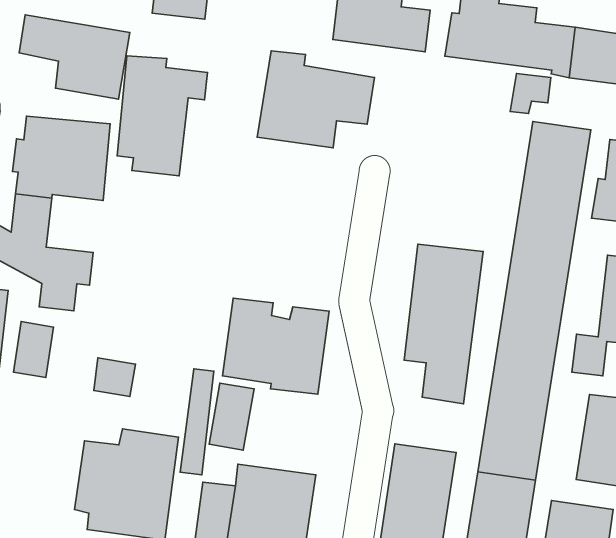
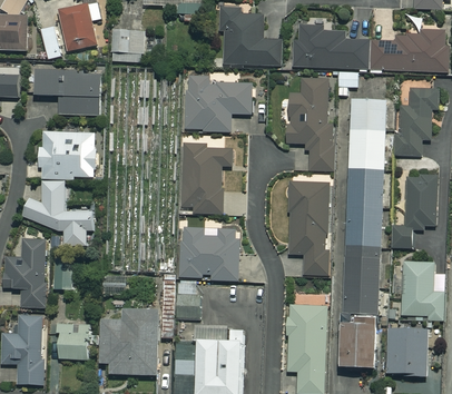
building: [117,56,208,176] -> [181,142,232,213]
building: none -> [289,77,333,169]
building: none -> [56,318,89,358]

